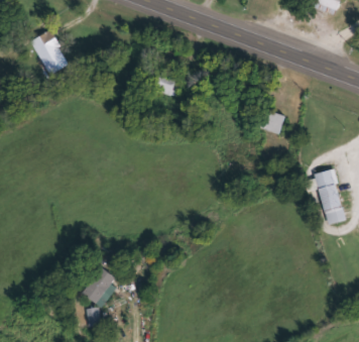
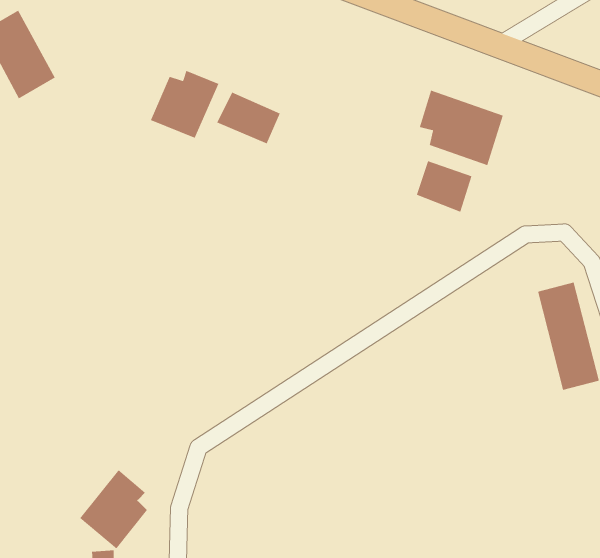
building: none -> [150,70,220,139]
building: none -> [419,90,504,166]

